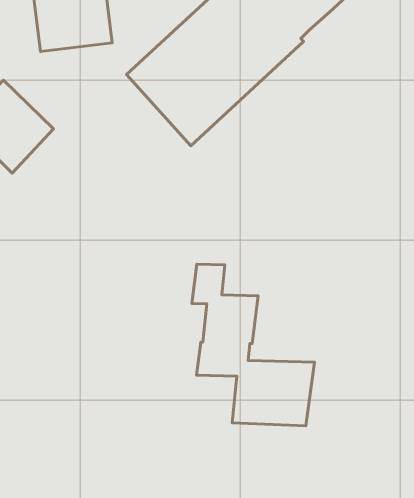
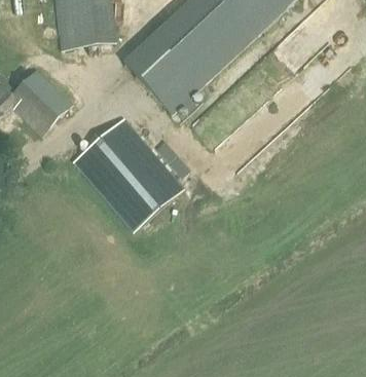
building: none -> [75,119,182,229]
building: [192,264,315,426] -> none

